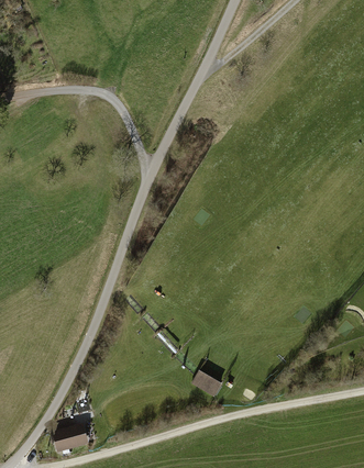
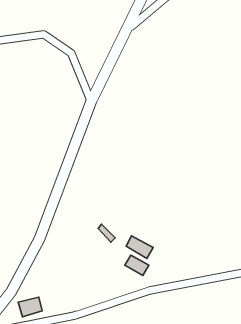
building: none -> [126,236,153,258]

